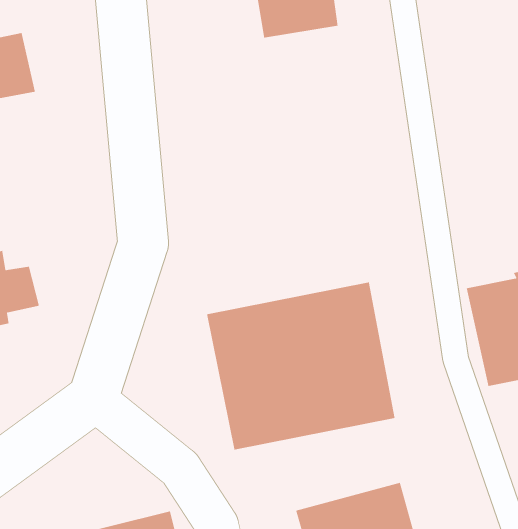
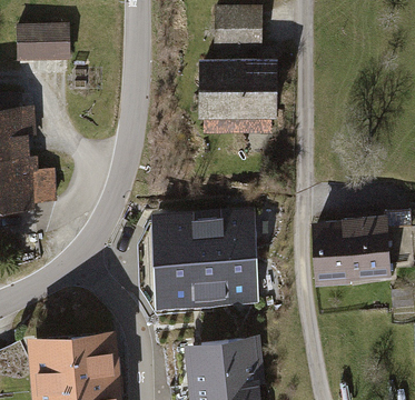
building: none -> [199,63,271,130]

